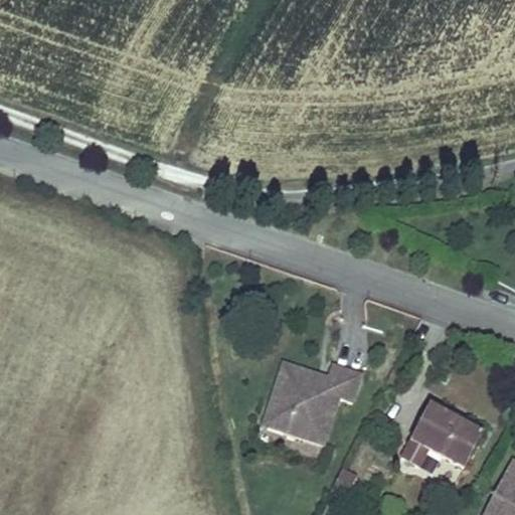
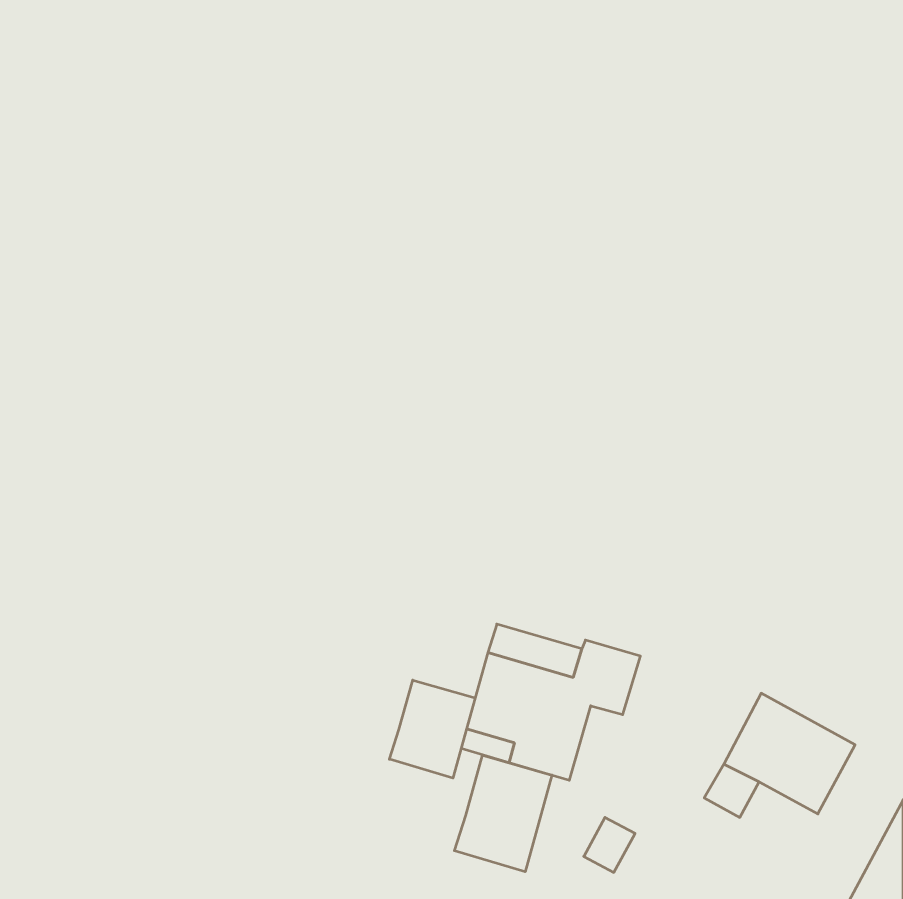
building: none -> [389,680,475,778]
building: none -> [454,755,552,872]

